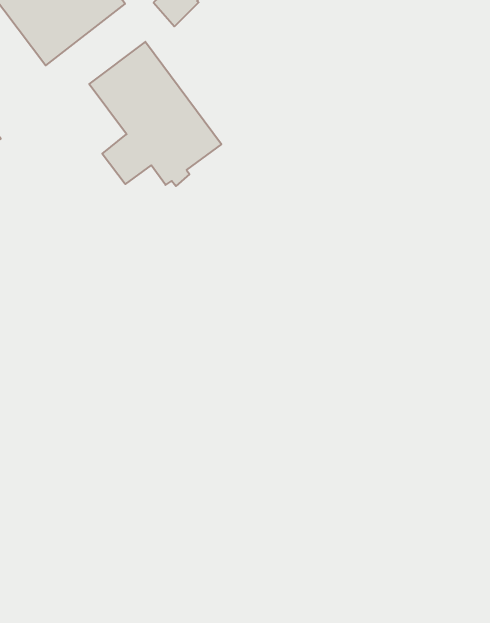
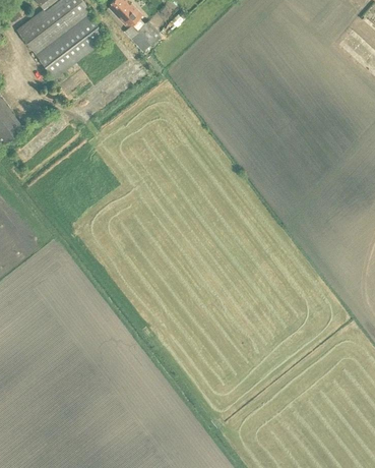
building: [89,42,221,186] -> none

